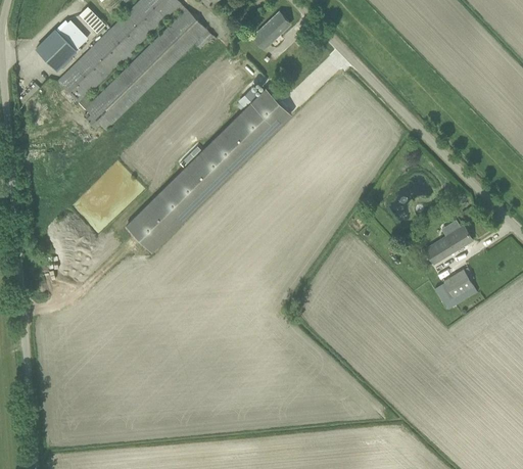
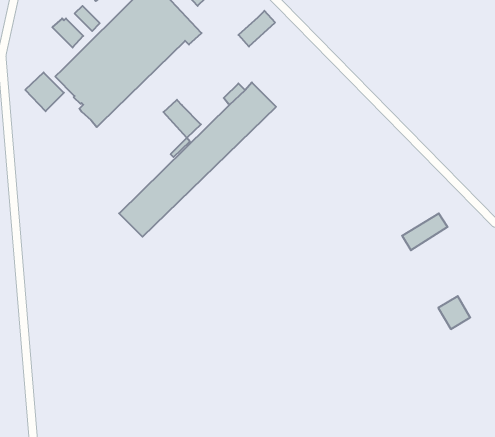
building: [36,30,77,71] -> [25,72,64,111]
building: none -> [163,100,201,138]
building: [443,270,477,304] -> [438,296,470,329]

